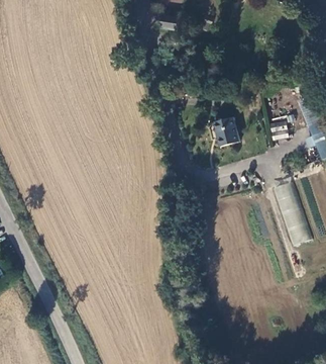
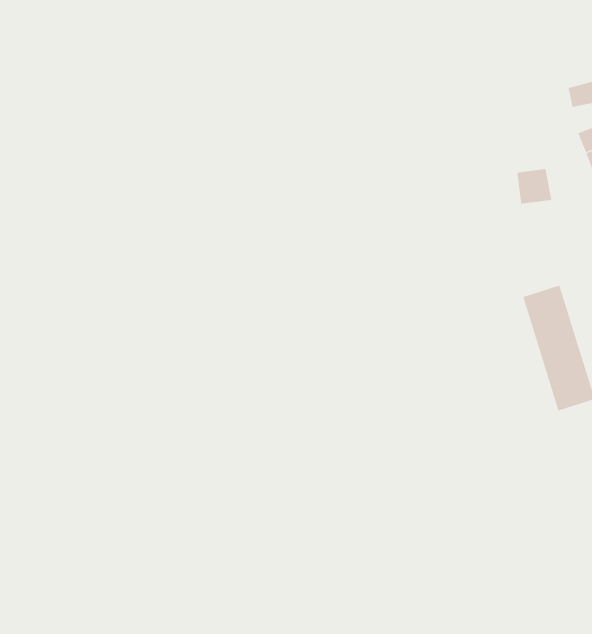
building: [215,114,238,146] -> none

